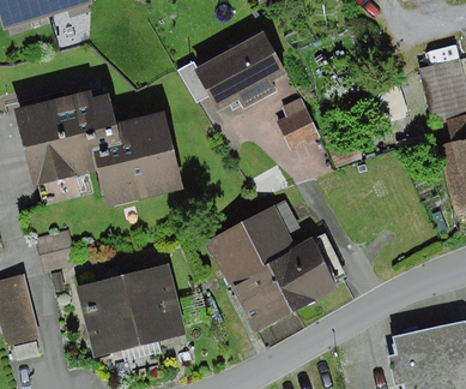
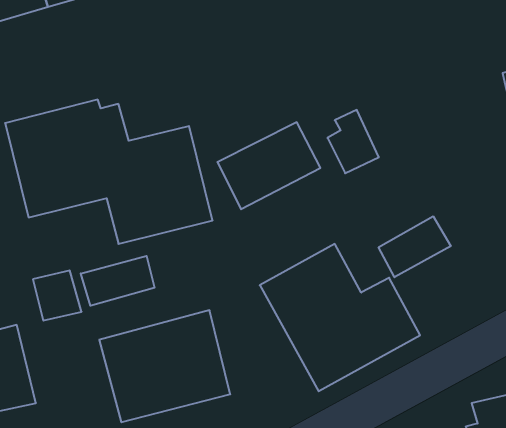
building: [198,36,282,107] -> [217,122,320,209]
building: none -> [379,216,451,277]
building: none -> [81,256,155,306]

